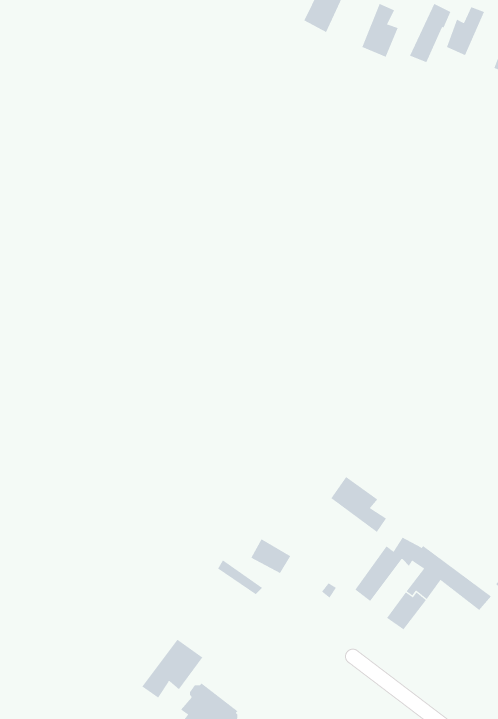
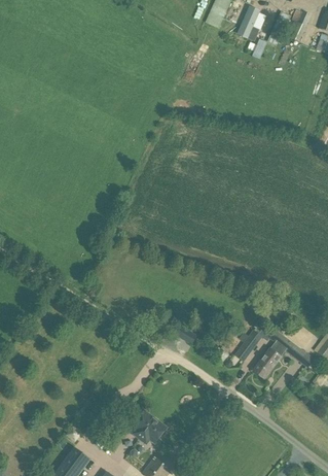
building: [331,476,387,533] -> none
building: [141,639,203,699] -> none

